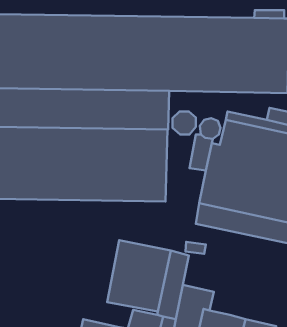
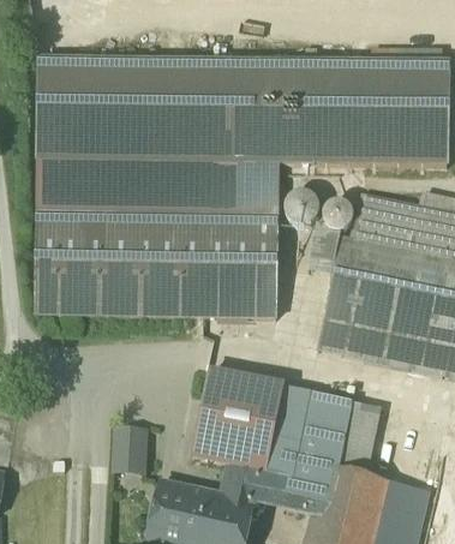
building: none -> [299,391,379,474]
building: none -> [114,428,145,472]

